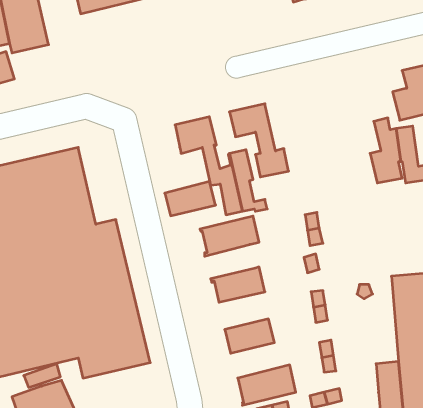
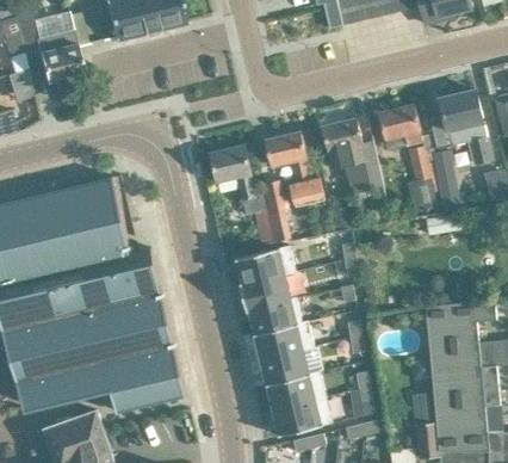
building: none -> [377,105,421,150]
building: none -> [321,119,383,192]
building: [165,181,216,216] -> [238,274,290,309]
building: none -> [252,321,312,360]
building: none -> [265,371,324,409]

